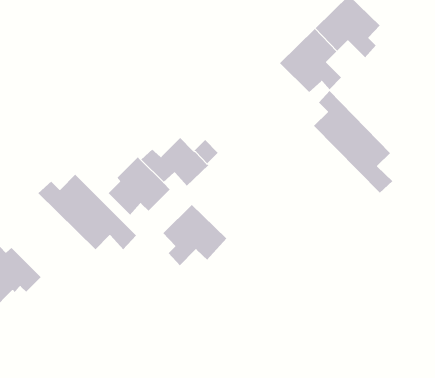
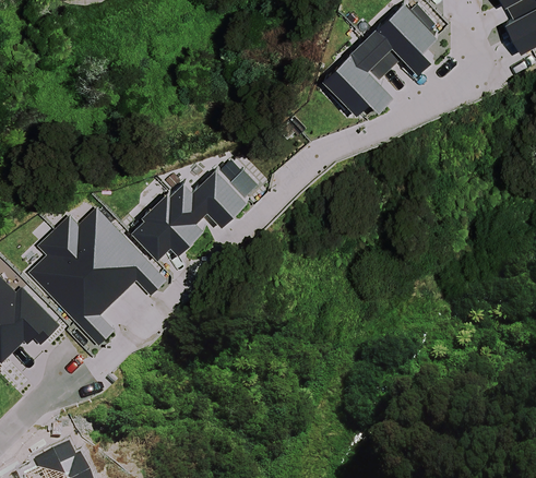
building: [313,90,393,193] -> none
building: none -> [29,228,119,342]
building: [163,204,227,266] -> none

